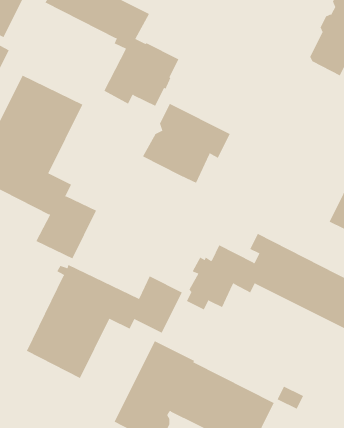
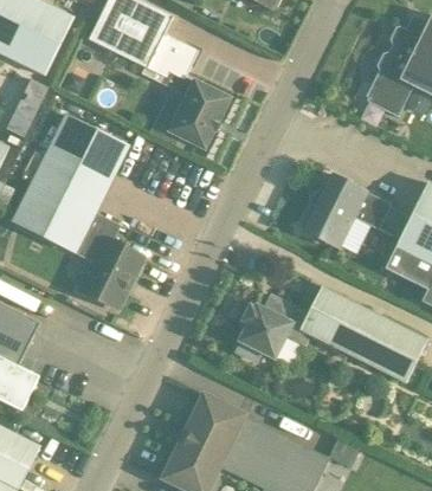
building: [142,103,231,183] -> [298,170,391,254]
building: [26,264,182,379] -> none

